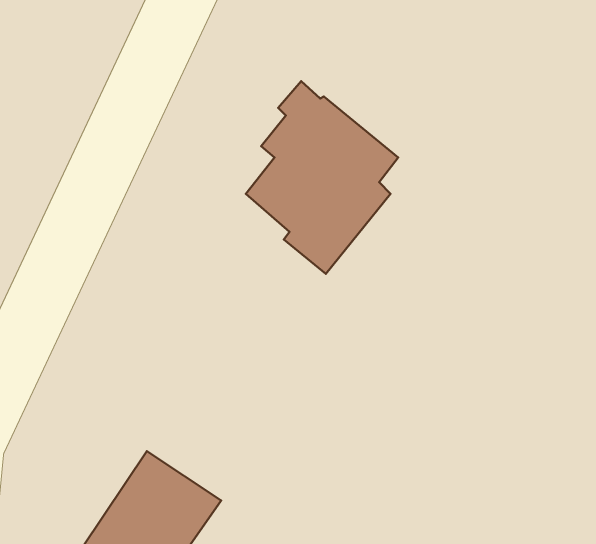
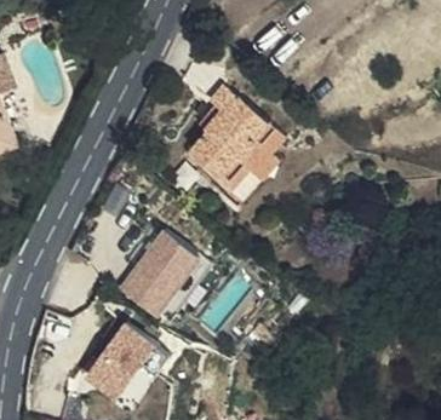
building: none -> [119,228,204,317]

